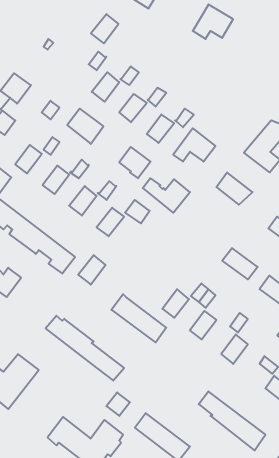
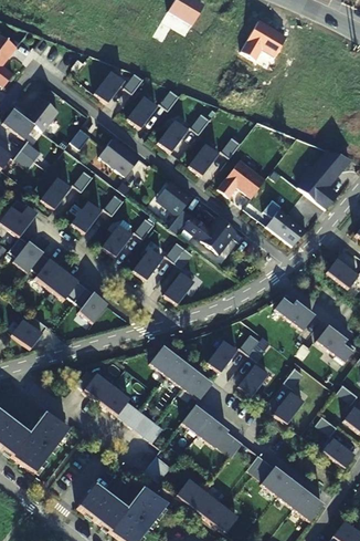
building: [91,14,118,43] -> [94,70,125,103]
building: [78,255,106,285] -> [163,271,194,304]
building: none -> [181,405,242,457]

